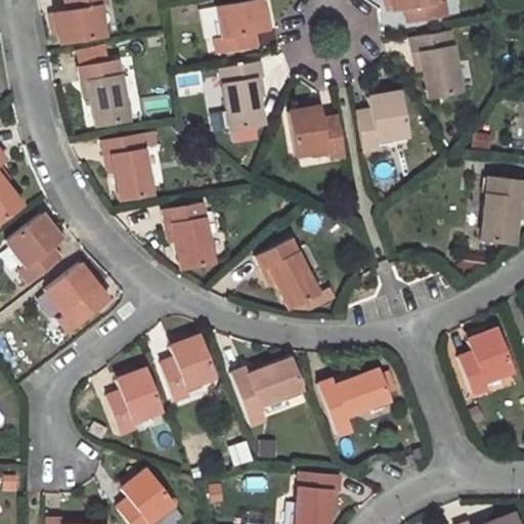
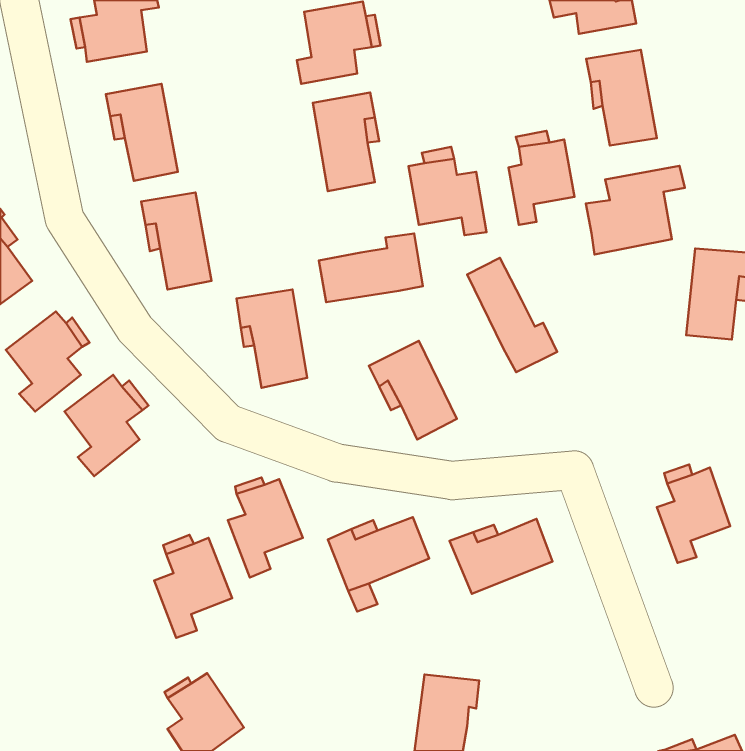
building: none -> [586,166,685,255]
building: none -> [319,234,423,302]
building: none -> [467,258,557,372]

